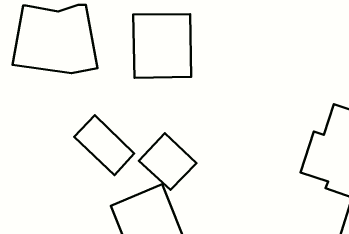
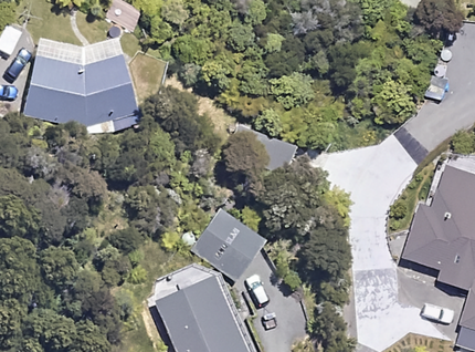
building: [133,14,191,78] -> none
building: [74,115,134,175] -> none

